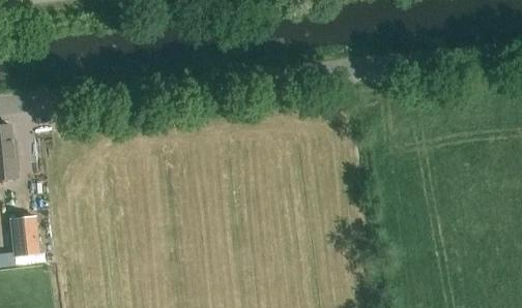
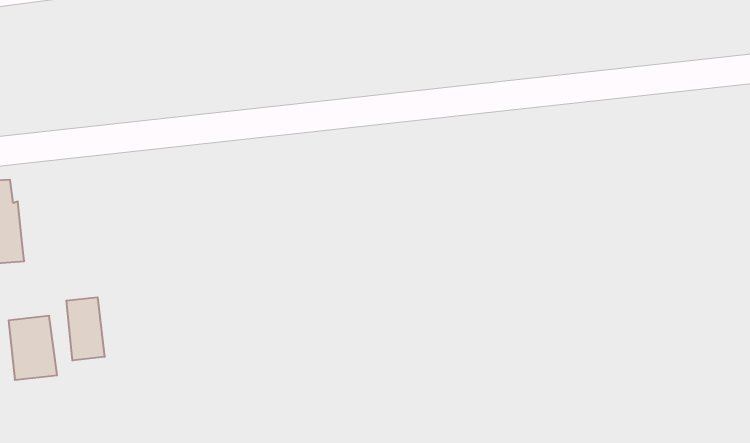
building: none -> [67,297,105,361]

